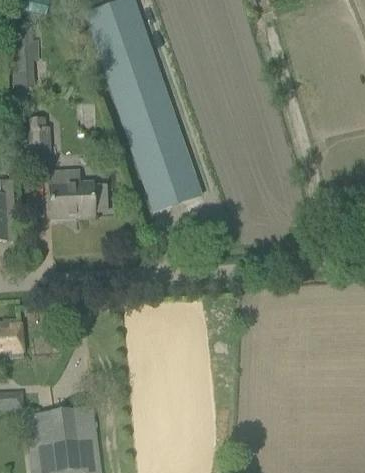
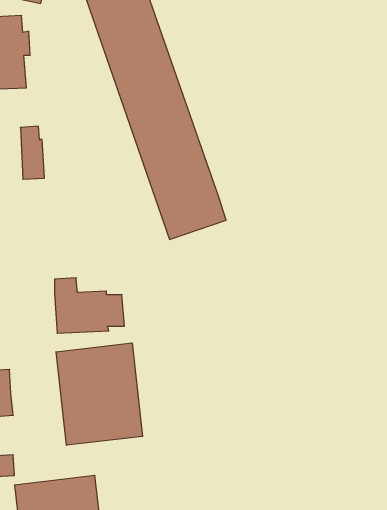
building: [50,170,108,216] -> [55,278,124,333]
building: none -> [56,343,143,445]

